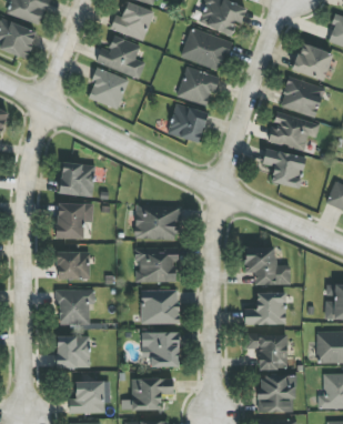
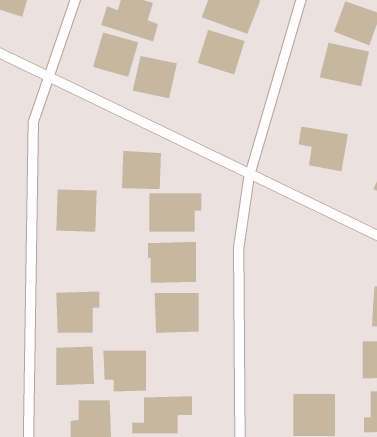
building: [168,104,206,141] -> [132,55,178,99]
building: [268,111,320,151] -> none
building: [60,162,94,195] -> [121,150,162,190]
building: [244,246,290,284] -> none
building: [57,252,89,279] -> none
building: [244,292,285,324] -> none
building: [141,332,179,367] -> [102,350,147,392]
building: [245,333,287,369] -> none

